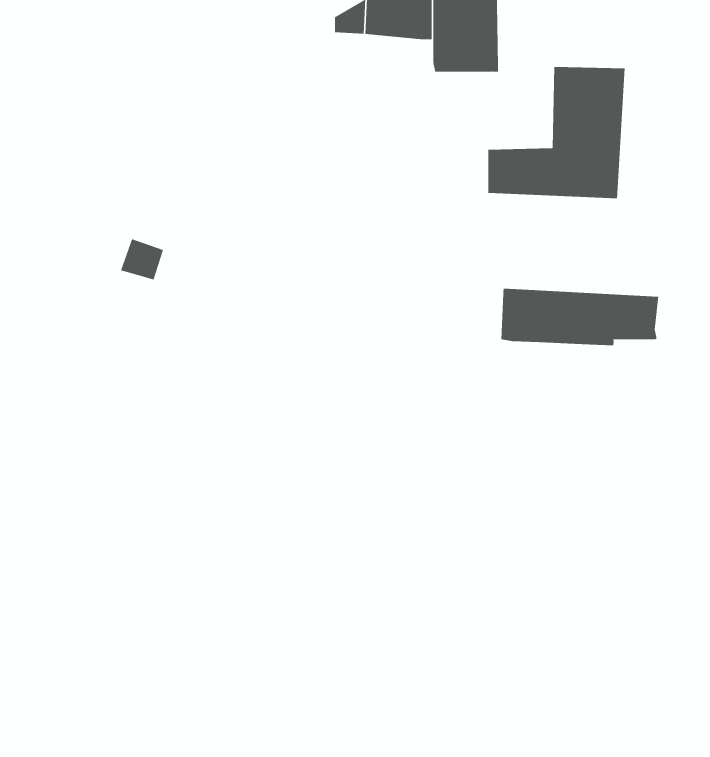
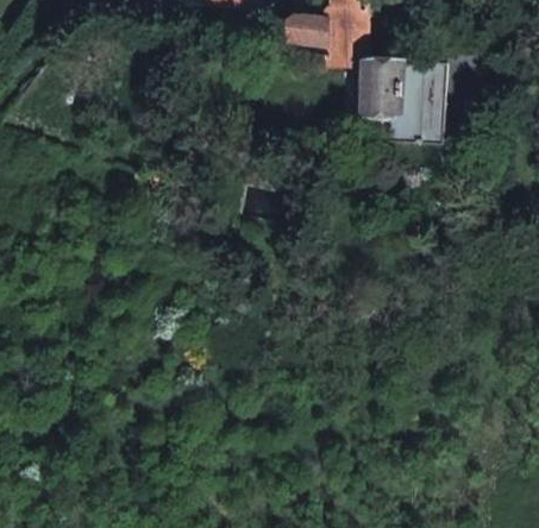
building: none -> [361,57,402,109]
building: [501,288,659,346] -> none

